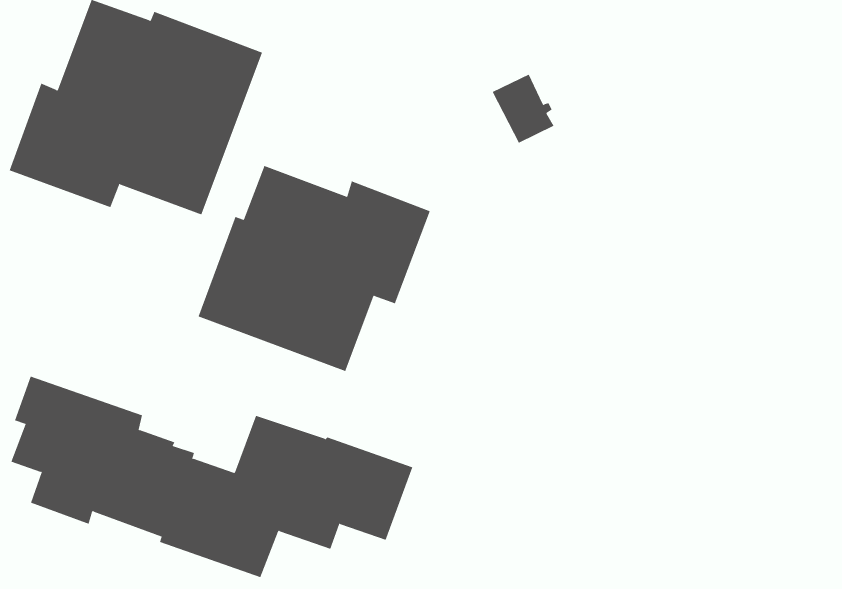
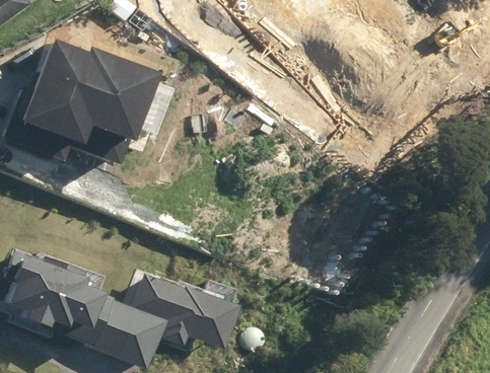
building: [198,165,431,372] -> none

